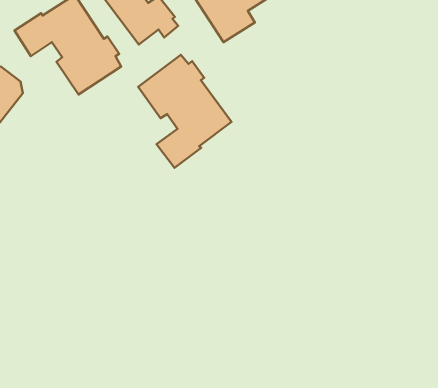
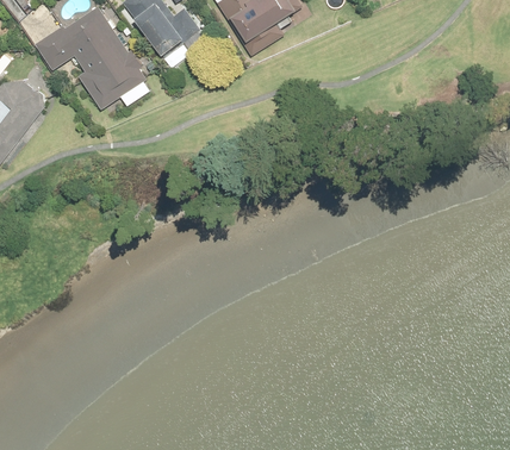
building: [138,55,231,168] -> none

